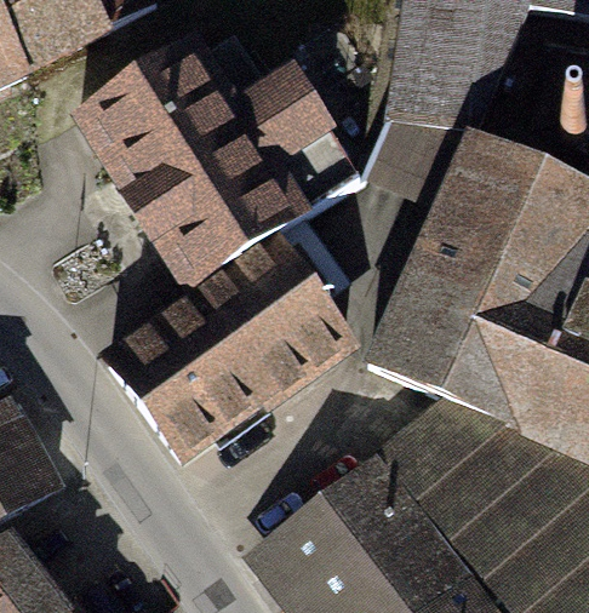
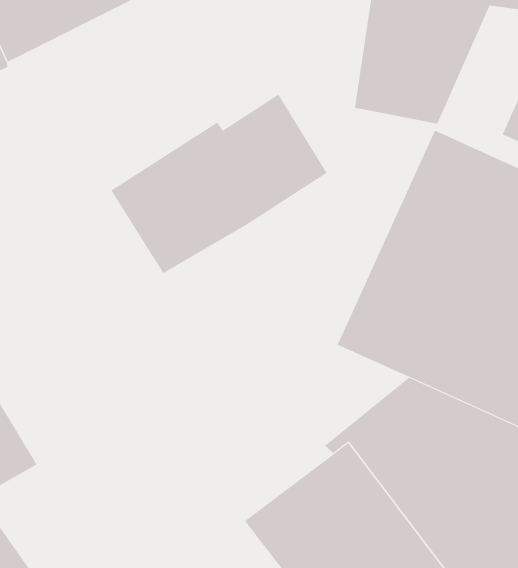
building: [81,38,311,200] -> none
building: [113,236,348,458] -> none

